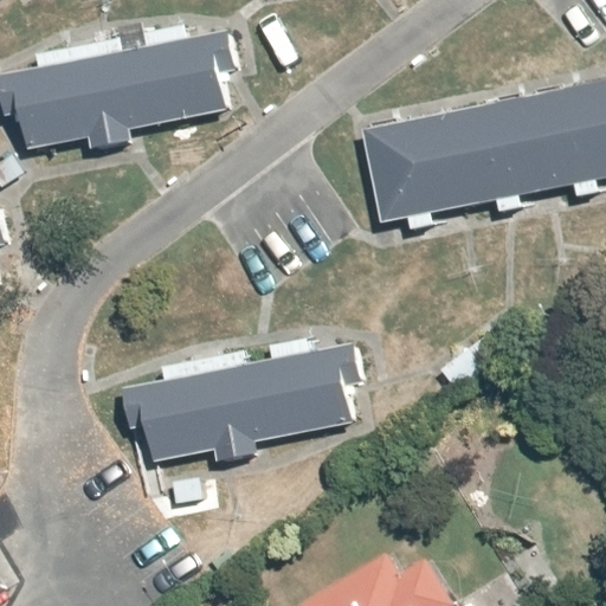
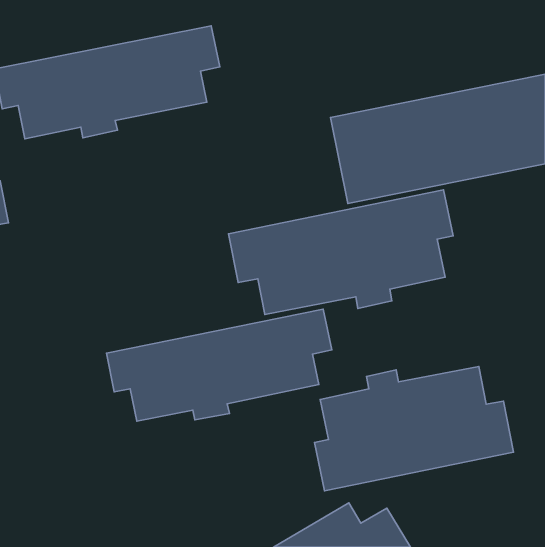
building: none -> [229,190,453,315]
building: none -> [314,366,514,491]

